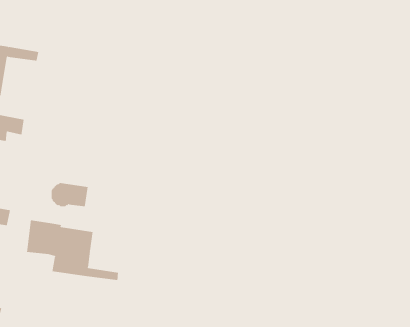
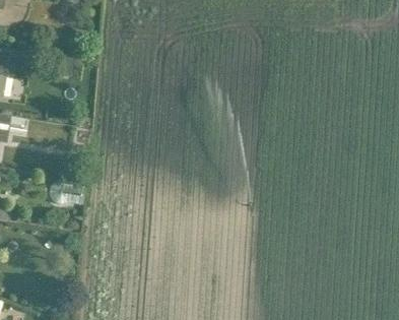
building: [27,220,118,281] -> none

